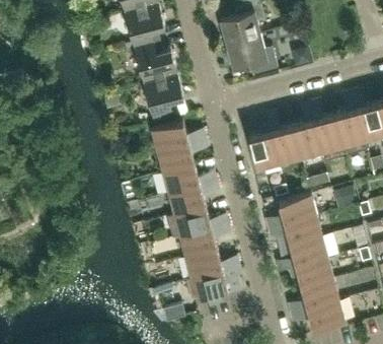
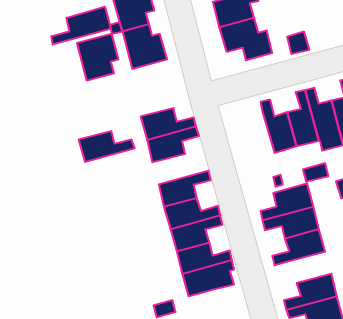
building: none -> [51,7,111,45]
building: [143,74,182,119] -> [77,34,118,80]
building: [248,125,279,169] -> none
building: [162,164,216,194] -> [79,131,135,162]
building: [289,258,333,288] -> none

